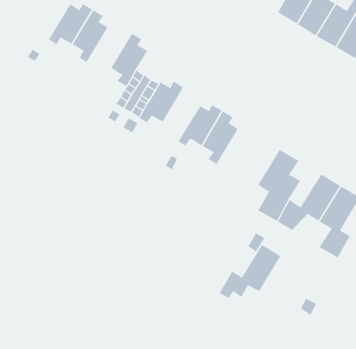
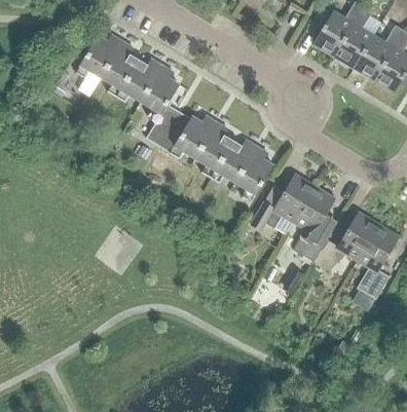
building: none -> [116,58,162,101]
building: none -> [195,121,233,177]
building: [219,244,281,299] -> [251,173,316,229]

